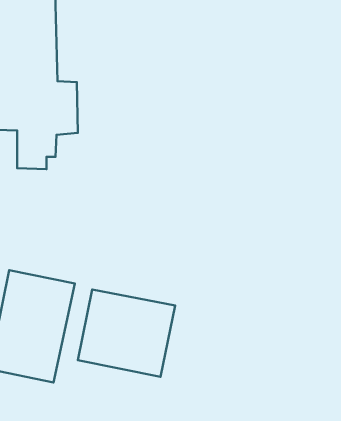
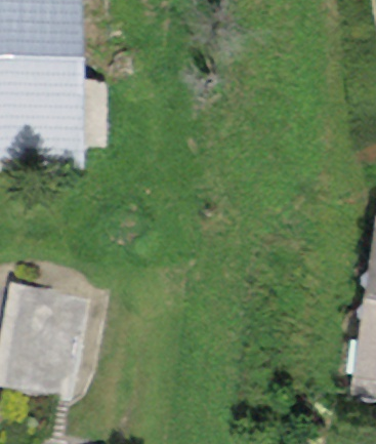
building: [78,290,175,377] -> none

